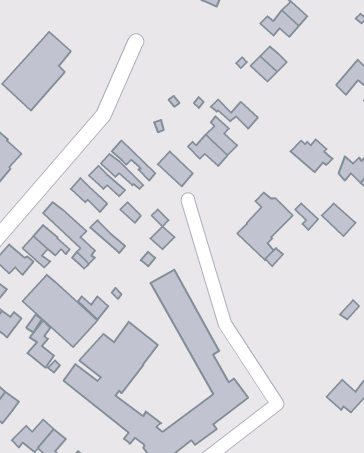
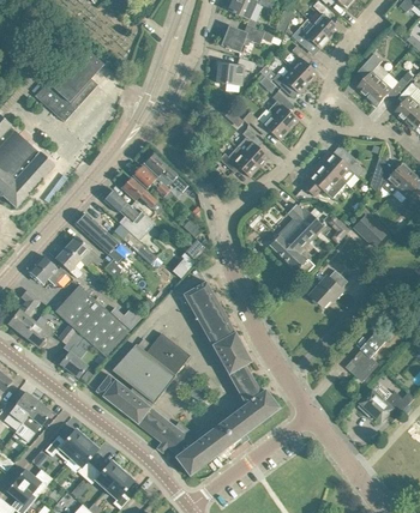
building: none -> [221,24,274,53]
building: none -> [356,53,389,97]
building: none -> [217,58,256,85]
building: none -> [269,91,299,129]
building: [158,151,193,186] -> none
building: none -> [302,163,346,199]
building: none -> [308,270,347,307]
building: none -> [347,332,385,380]

